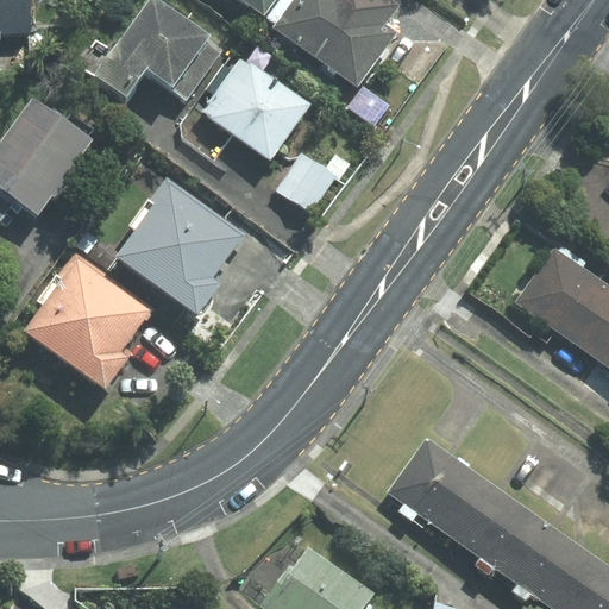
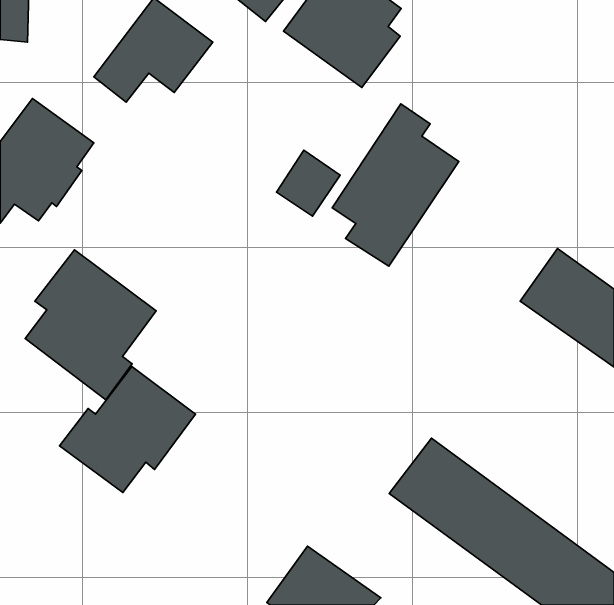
building: [182,54,314,163] -> none
building: none -> [332,104,459,266]
building: [115,174,247,322] -> none
building: none -> [59,366,195,493]

